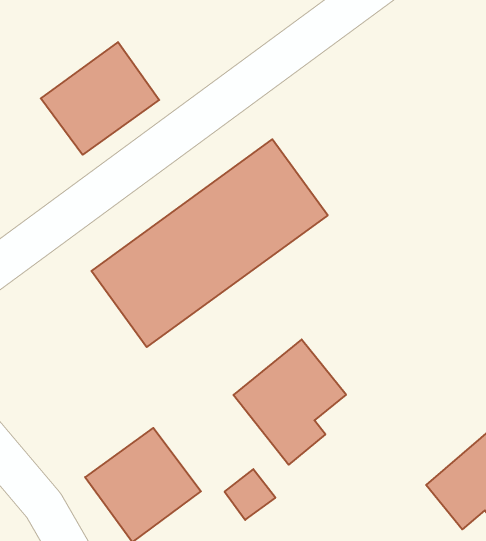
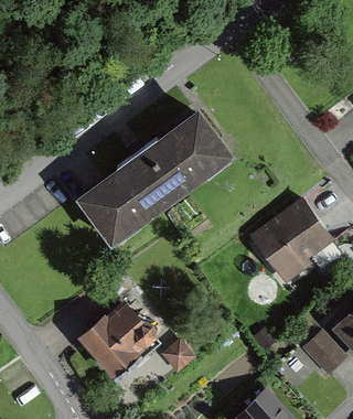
building: [41,42,159,155] -> none
building: [233,339,346,465] -> [249,202,328,289]

